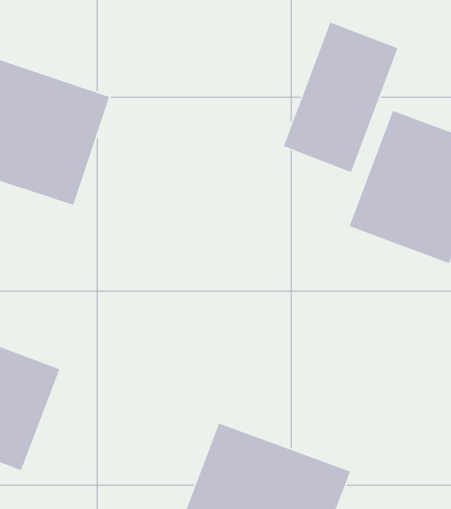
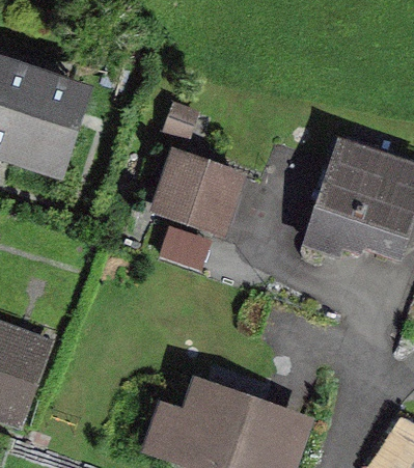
building: [283,21,399,173] -> none
building: none -> [157,156,239,233]

